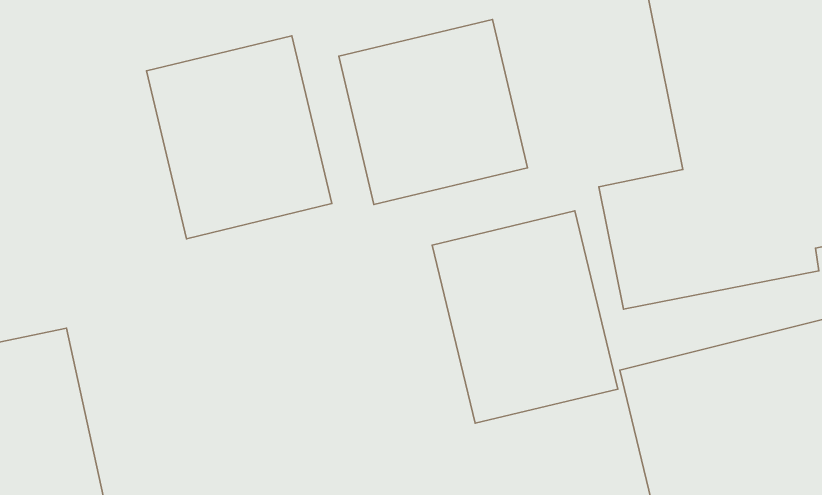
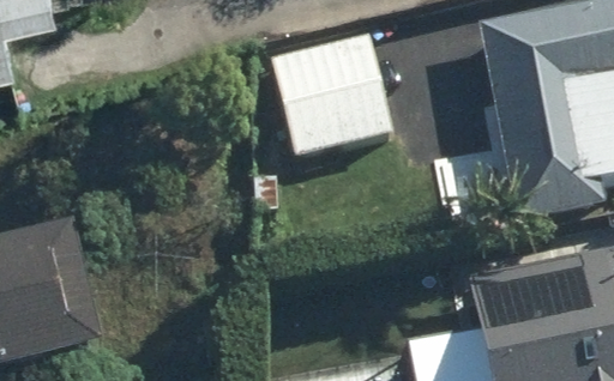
building: [146,36,332,239] -> none
building: [432,211,618,423] -> none

